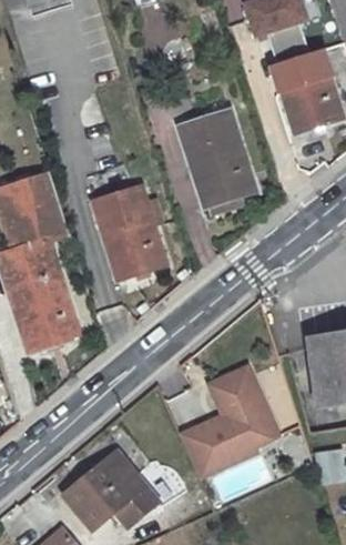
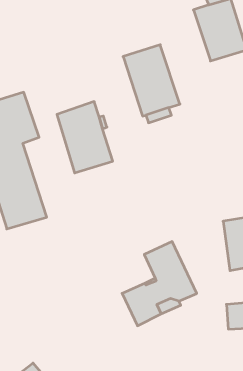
building: [64,451,157,528] -> none

